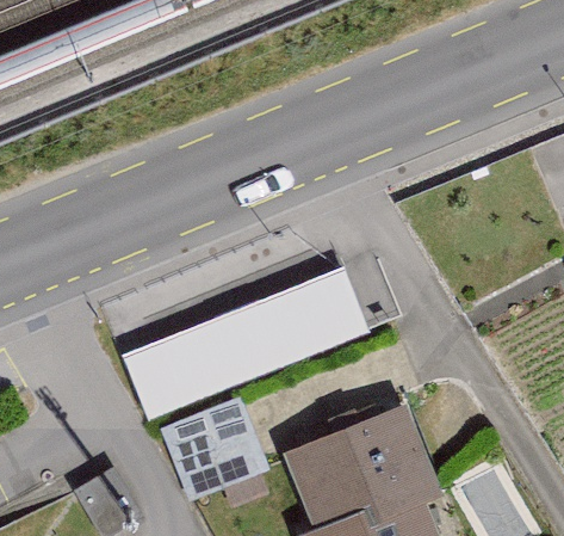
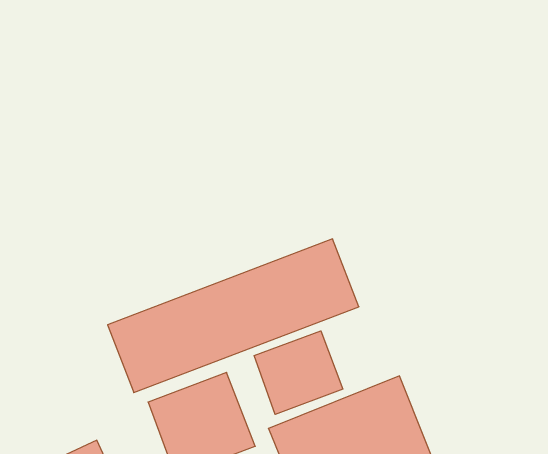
building: none -> [254,331,343,414]

